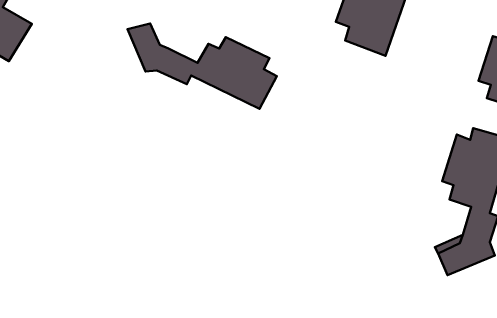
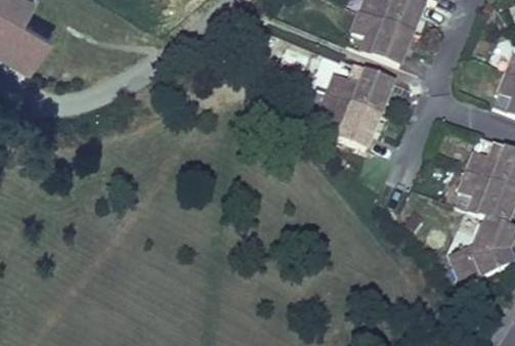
building: [128,23,277,109] -> none
building: none -> [319,66,388,147]

